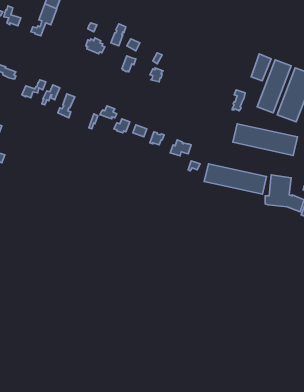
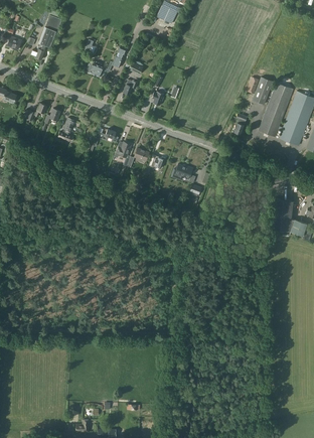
building: [233,124,297,155] -> none
building: [204,164,267,194] -> none

